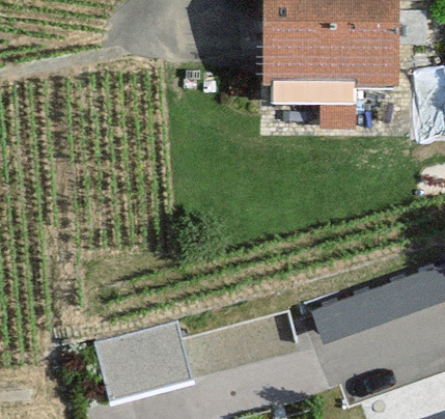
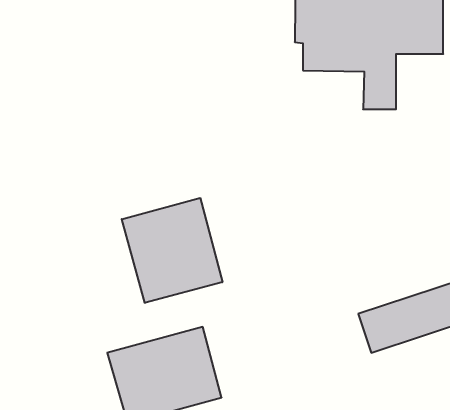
building: none -> [122,198,222,303]

